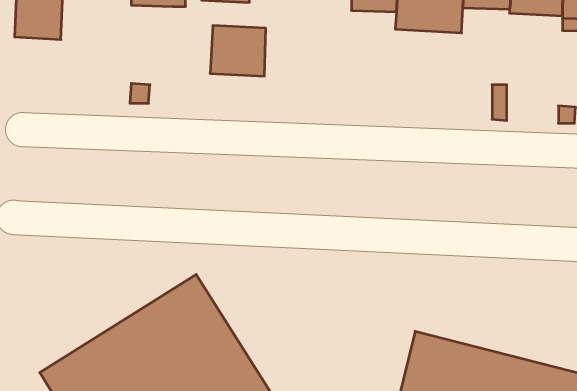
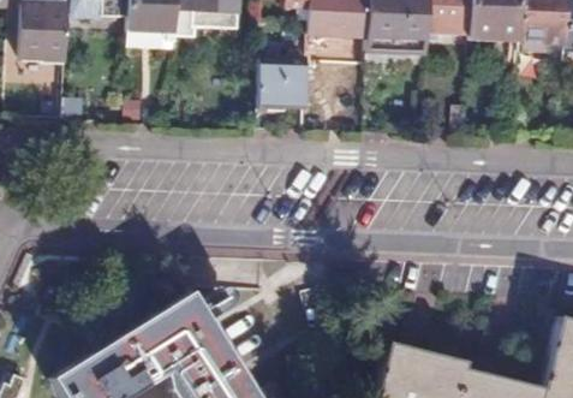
building: [210,26,266,76] -> [256,60,306,106]

